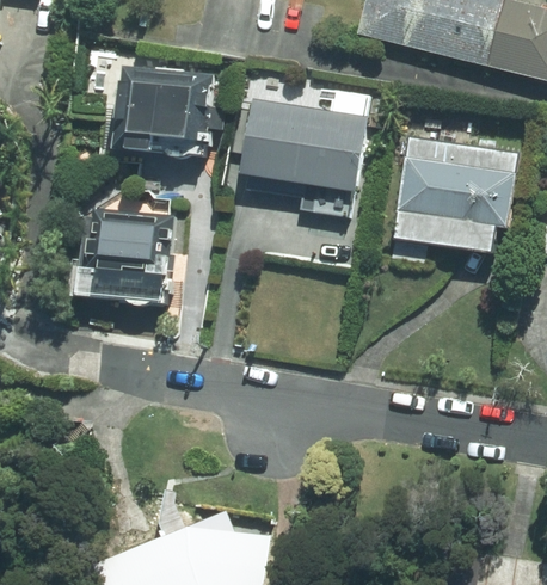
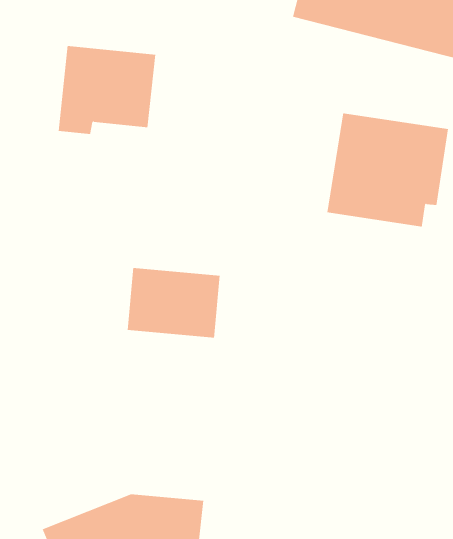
building: [239,100,367,195] -> none
building: [76,205,174,279] -> [127,267,221,338]

